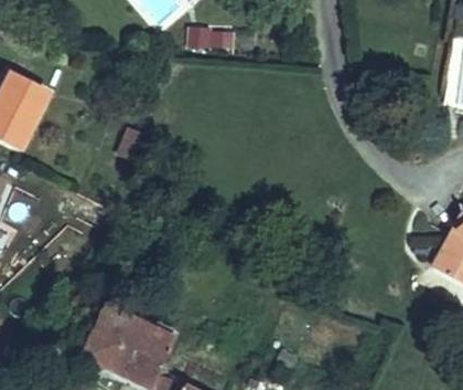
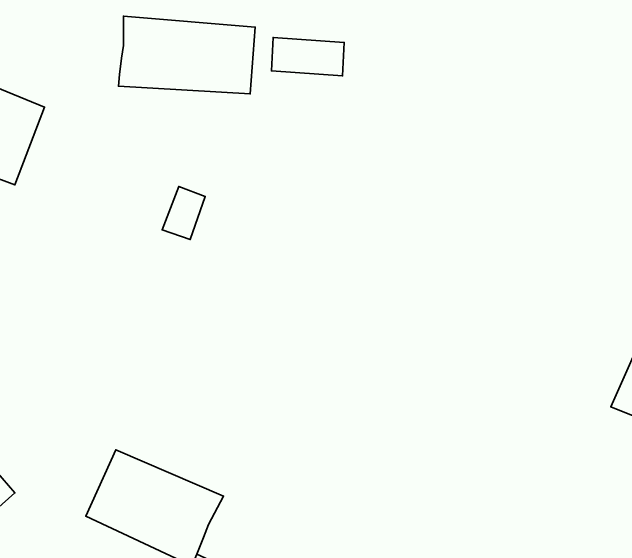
building: none -> [119,16,255,94]

